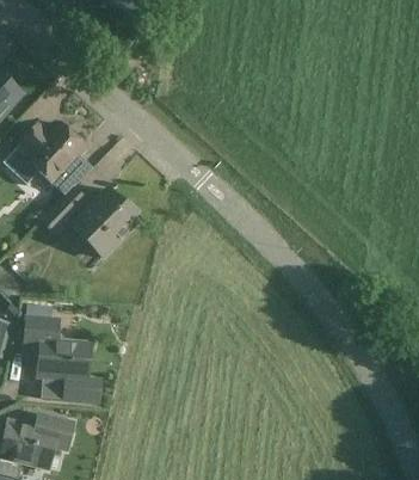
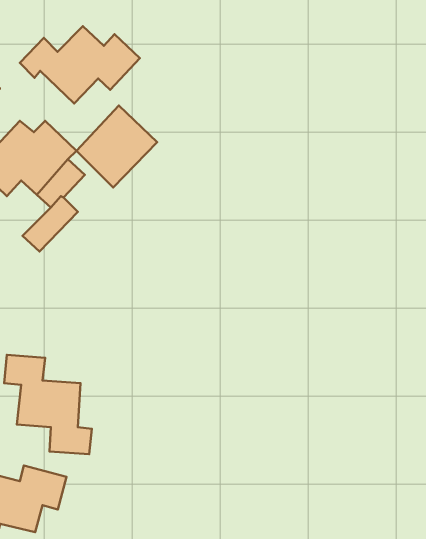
building: none -> [20,26,140,103]
building: [69,186,137,256] -> [76,105,157,188]

